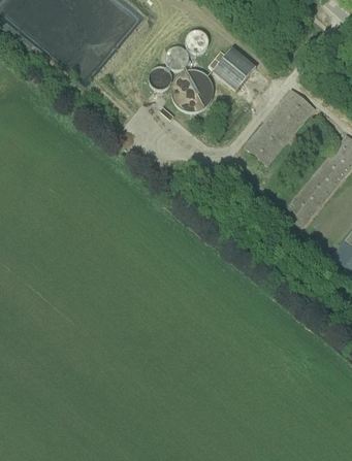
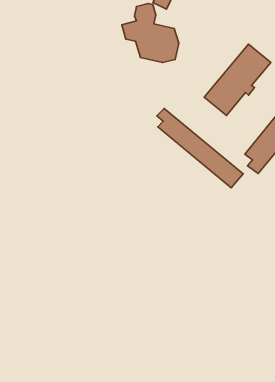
building: [212,47,256,91] -> none
building: none -> [157,108,243,188]

